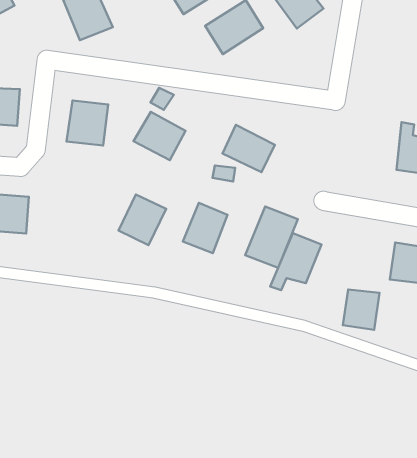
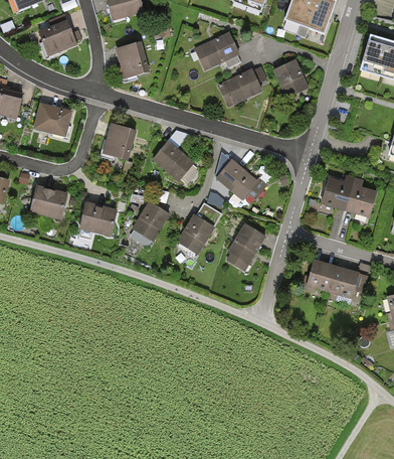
building: none -> [321,174,355,211]
building: none -> [79,202,118,235]
building: [270,233,322,290] -> none
building: [343,289,380,330] -> [306,260,337,293]

